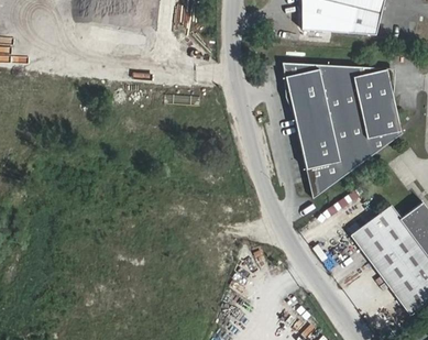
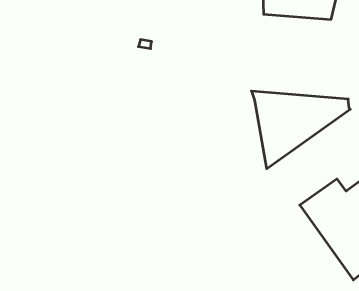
building: [285,59,399,120] -> none

